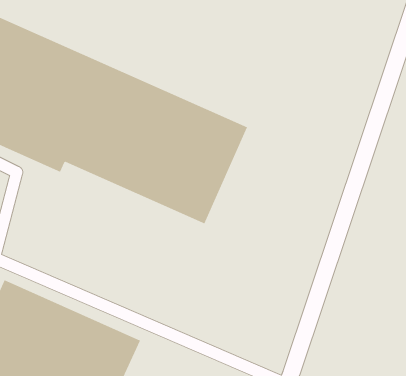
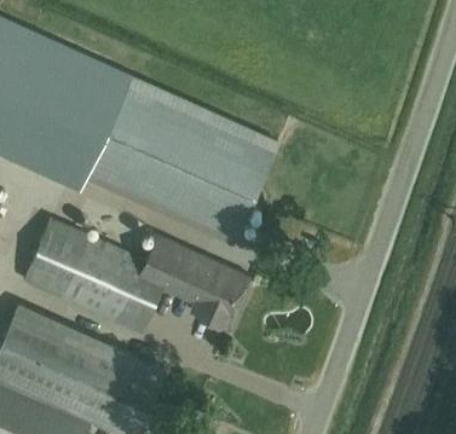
building: none -> [24,220,249,334]

